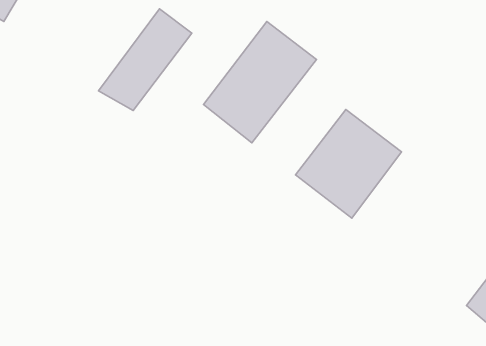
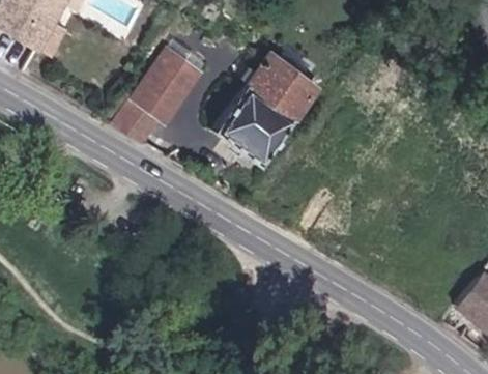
building: [295,110,402,218] -> none

